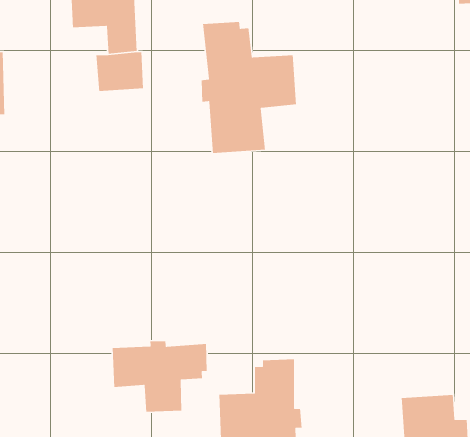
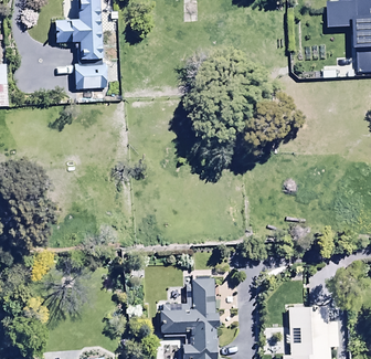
building: [201,21,297,154] -> none
building: [112,341,208,413] -> none

